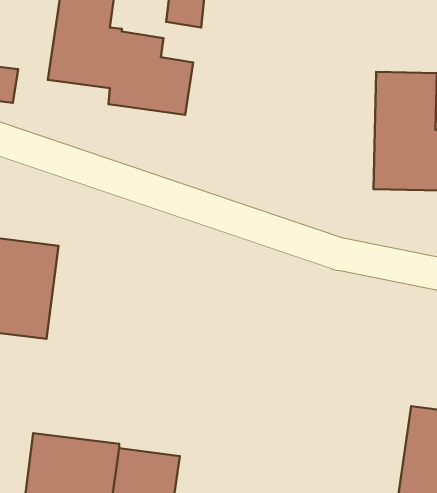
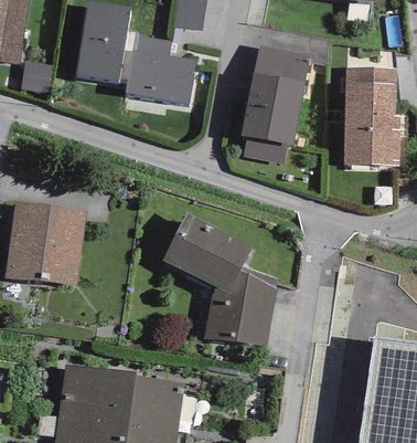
building: none -> [240,45,310,164]
building: none -> [162,213,277,346]

